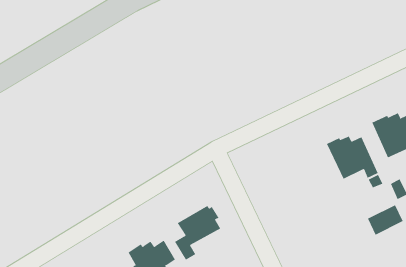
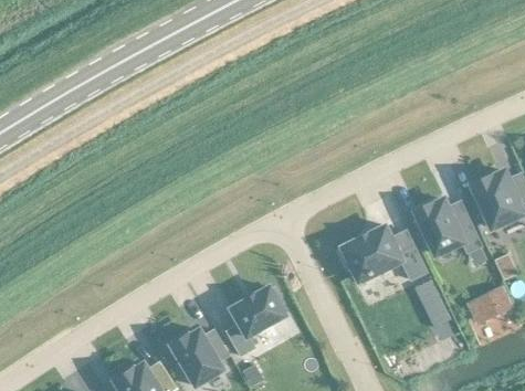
building: none -> [340,226,427,283]
building: none -> [414,281,451,328]

